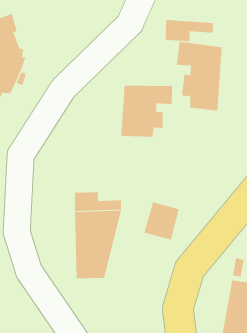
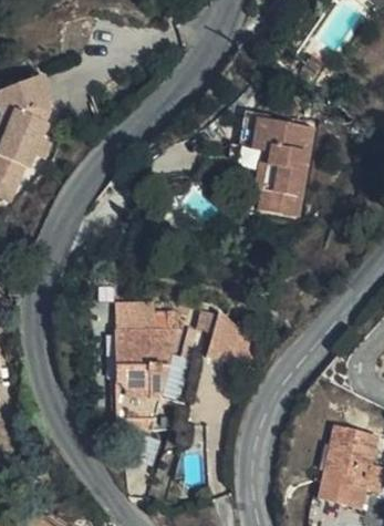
building: [165,19,214,42] -> none
building: [121,85,173,138] -> none

